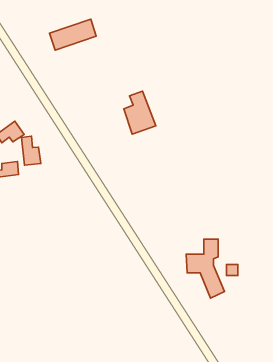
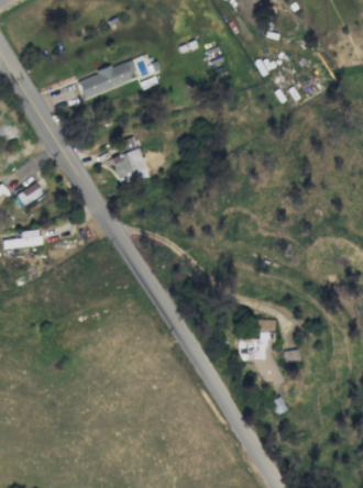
building: [124,91,156,134] -> [111,136,149,187]
building: [21,136,41,165] -> none

